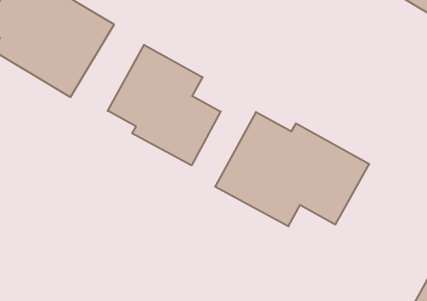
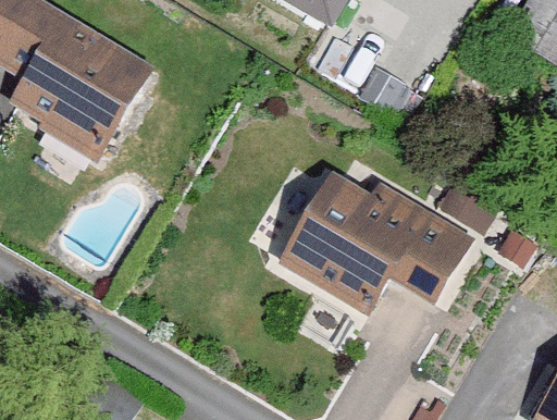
building: [108,45,221,165] -> none

